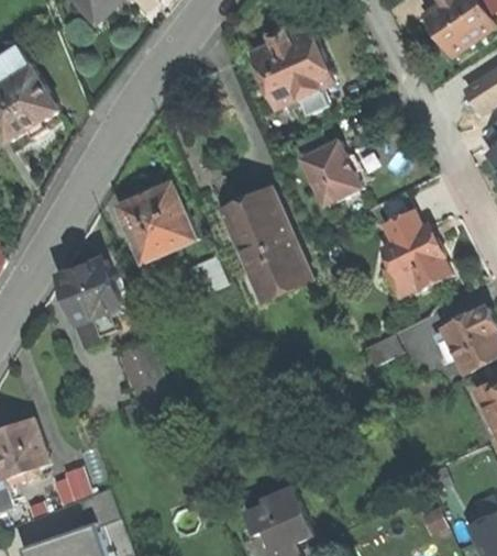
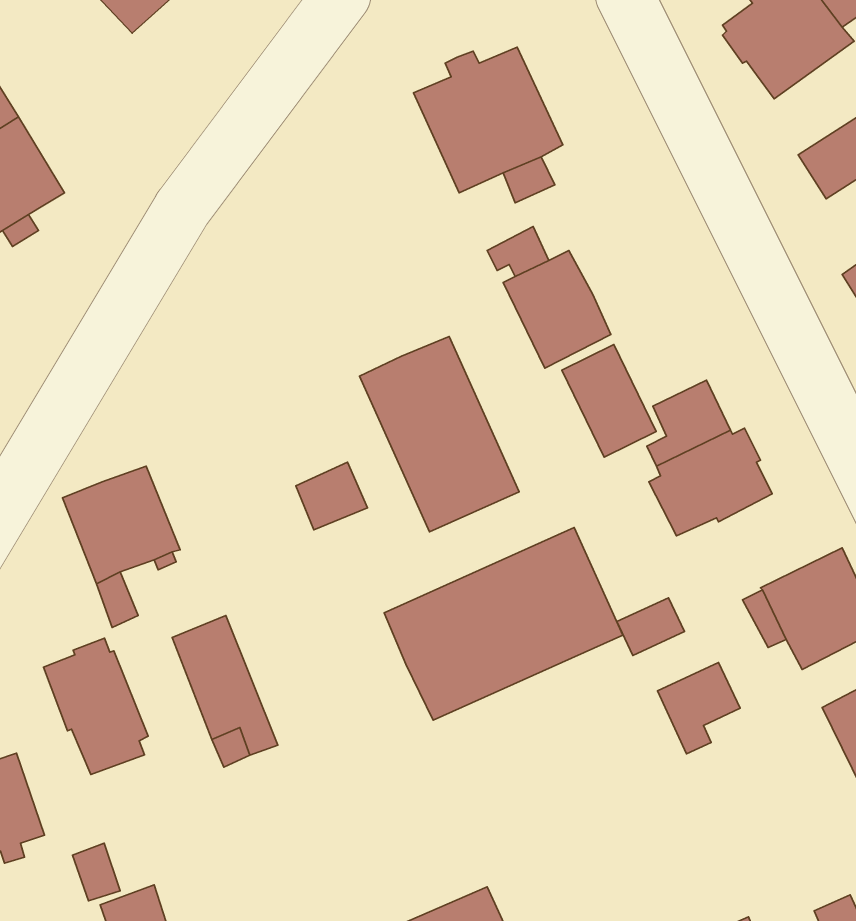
building: [120,185,196,262] -> none
building: none -> [562,345,656,457]
building: none -> [384,527,623,720]
building: none -> [44,638,148,774]
building: none -> [657,662,740,754]

